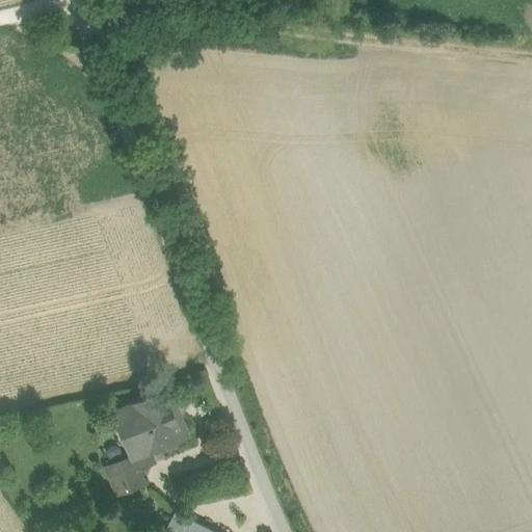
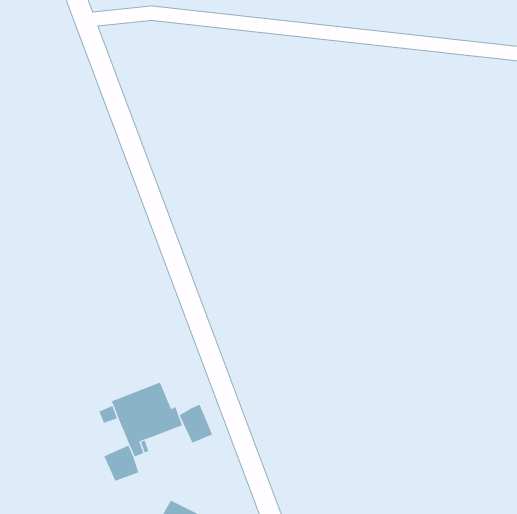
building: none -> [179,404,213,444]

